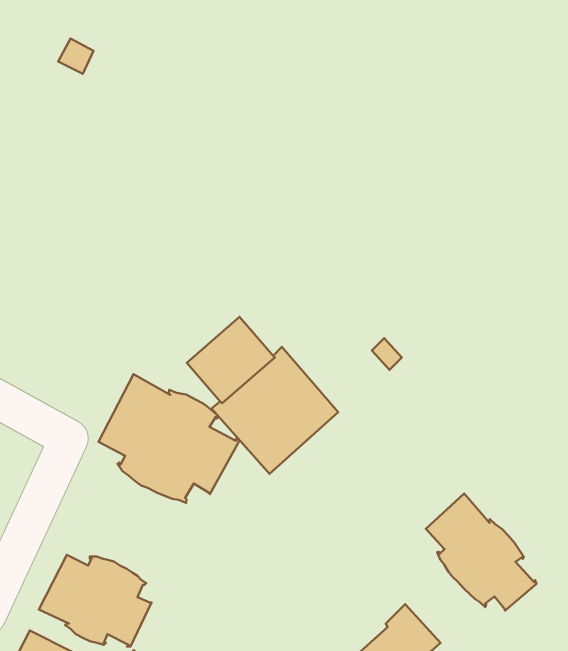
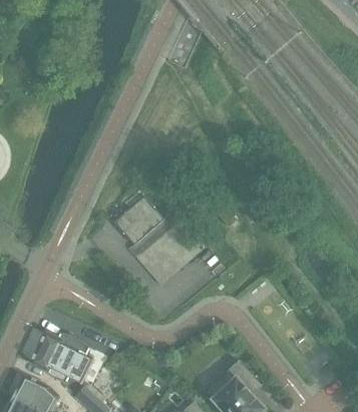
building: [99,374,239,503] -> none
building: [426,494,537,611] -> none

